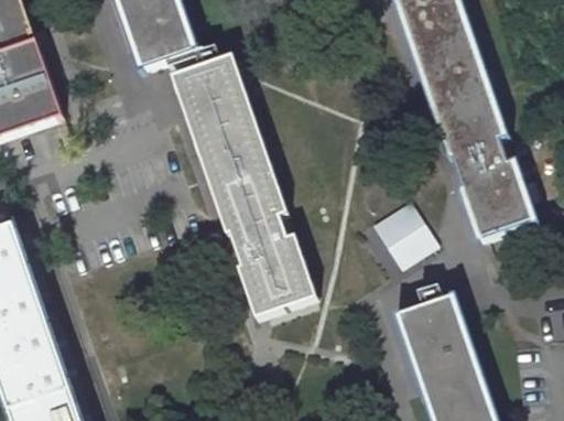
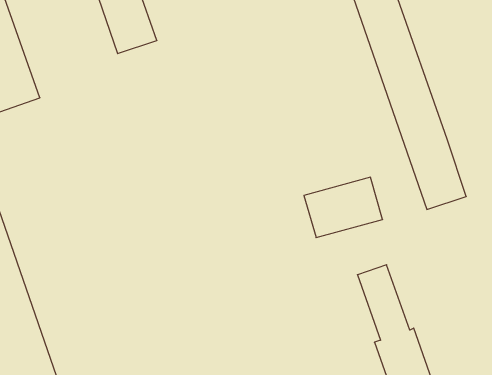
building: [174,54,314,317] -> none

